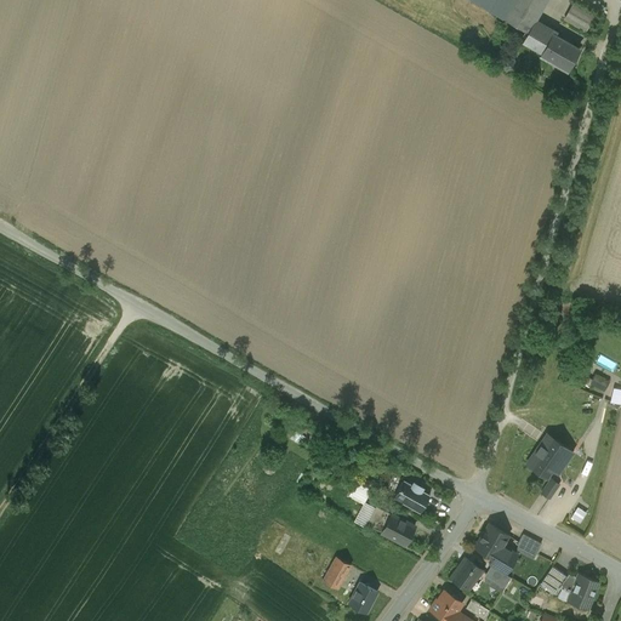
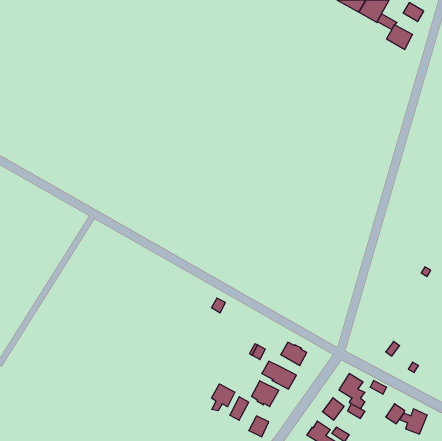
building: [528,437,572,479] -> none
building: none -> [252,381,279,407]
building: none -> [212,384,235,411]

